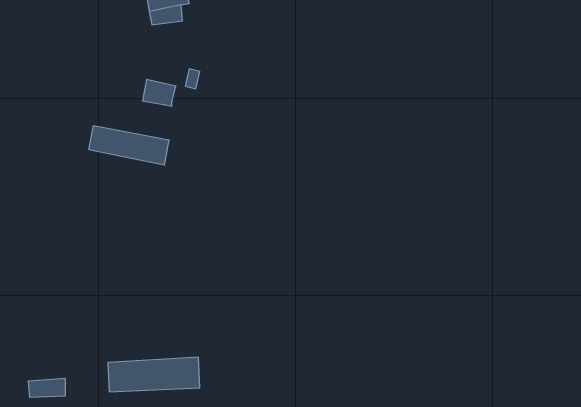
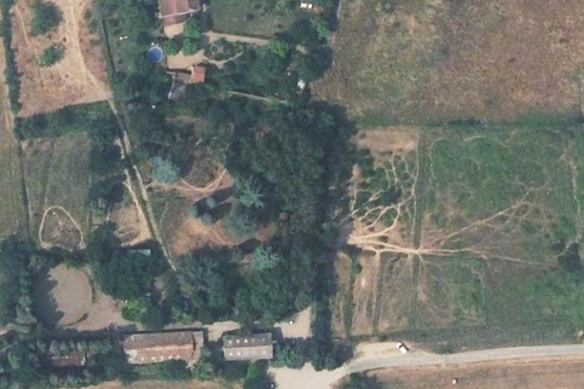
building: [89,126,169,165] -> none
building: none -> [225,331,272,358]

